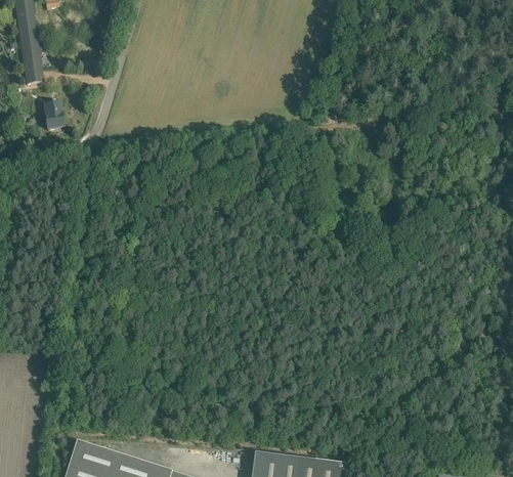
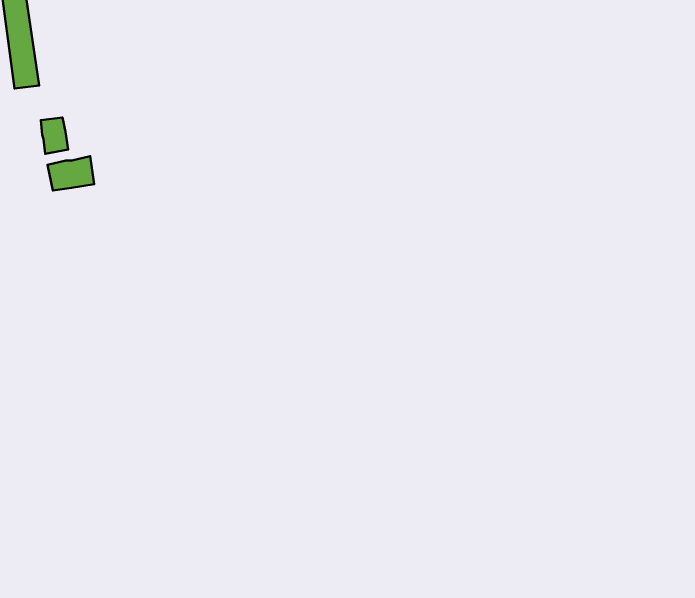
building: none -> [47,156,94,190]

